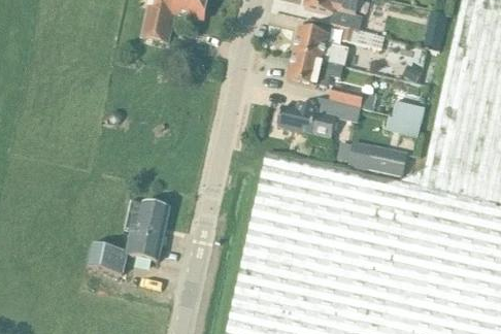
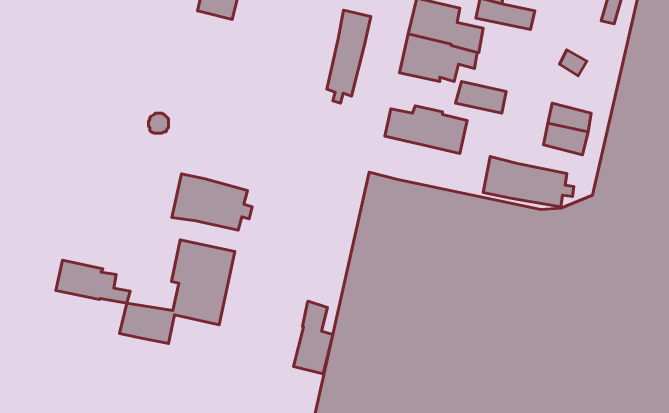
building: none -> [327,10,371,103]
building: none -> [172,174,252,230]
building: none -> [56,260,130,303]
building: none -> [294,301,333,374]

